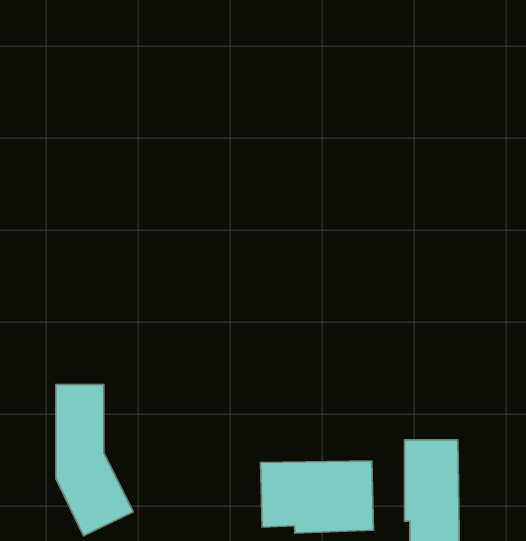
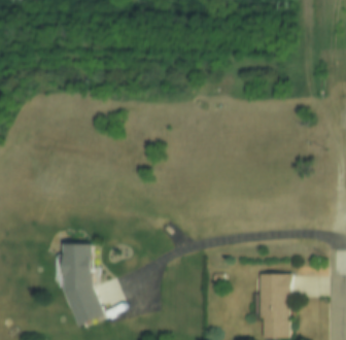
building: [260,461,374,533] -> none

